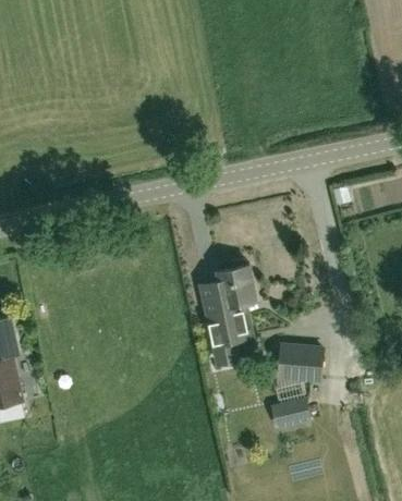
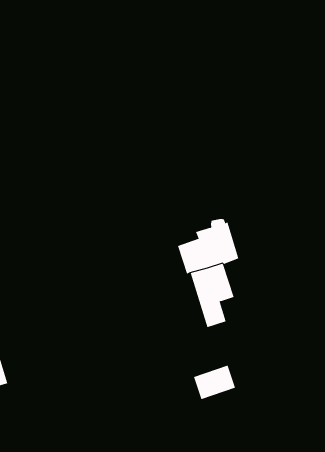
building: [279,345,322,380] -> none
building: [270,396,310,428] -> [193,365,236,400]

